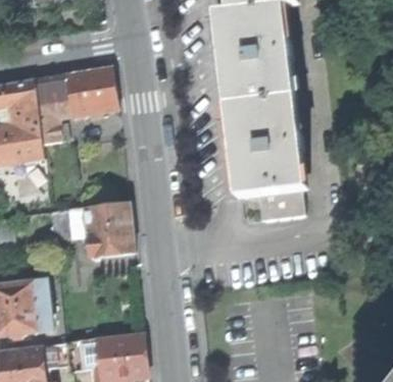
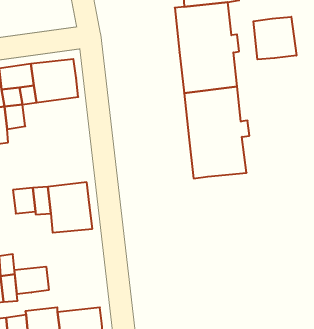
building: none -> [253,17,296,59]
building: [257,190,301,219] -> none
building: none -> [14,267,49,294]

